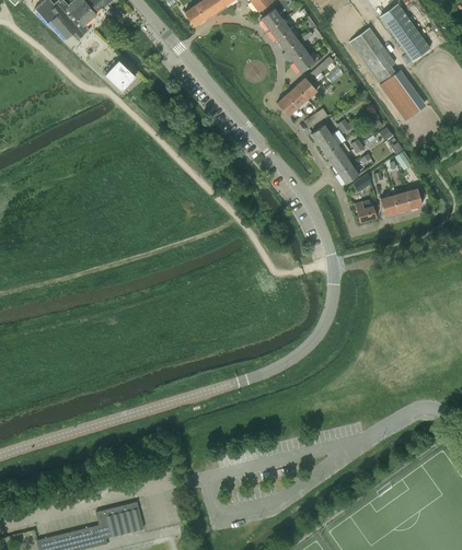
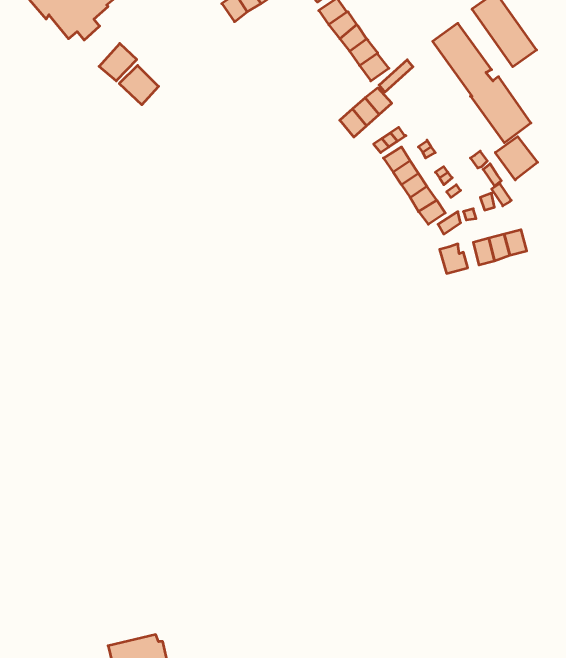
building: none -> [99,43,137,81]
building: none -> [495,137,538,180]

